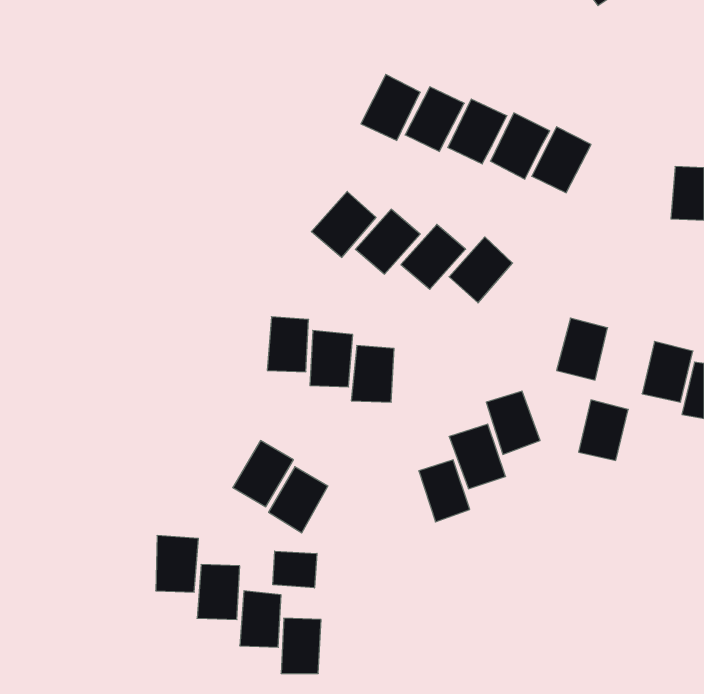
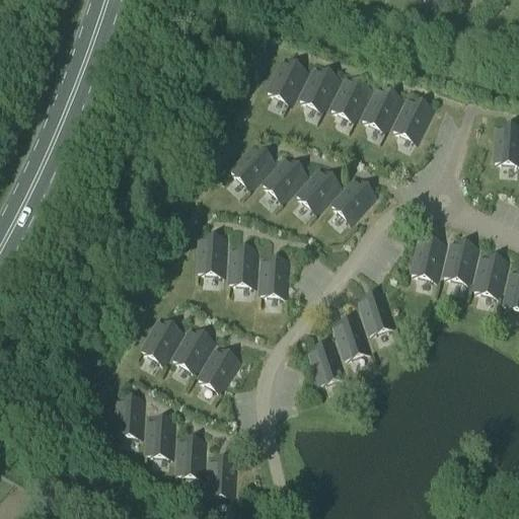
building: [579,400,628,460] -> [443,237,479,282]
building: none -> [140,315,184,364]
building: [273,551,317,588] -> none

